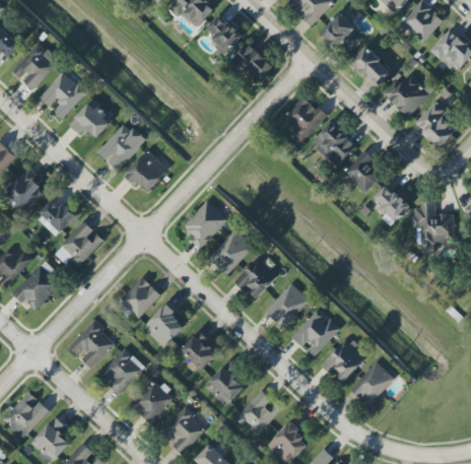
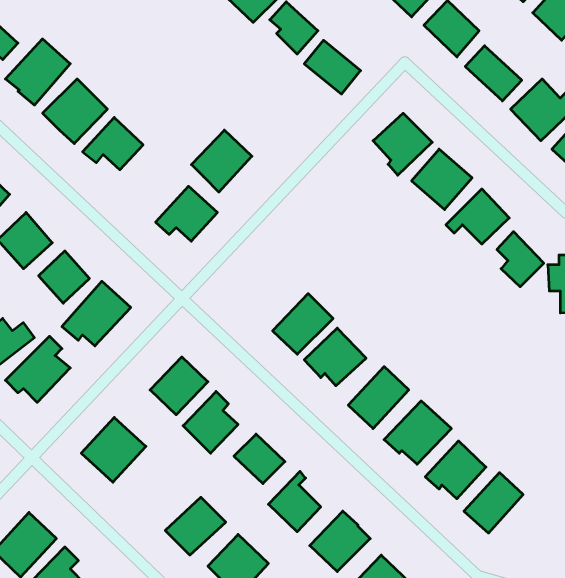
building: [97,126,142,172] -> [191,130,252,192]
building: [182,200,227,247] -> none
building: [99,347,145,395] -> none

